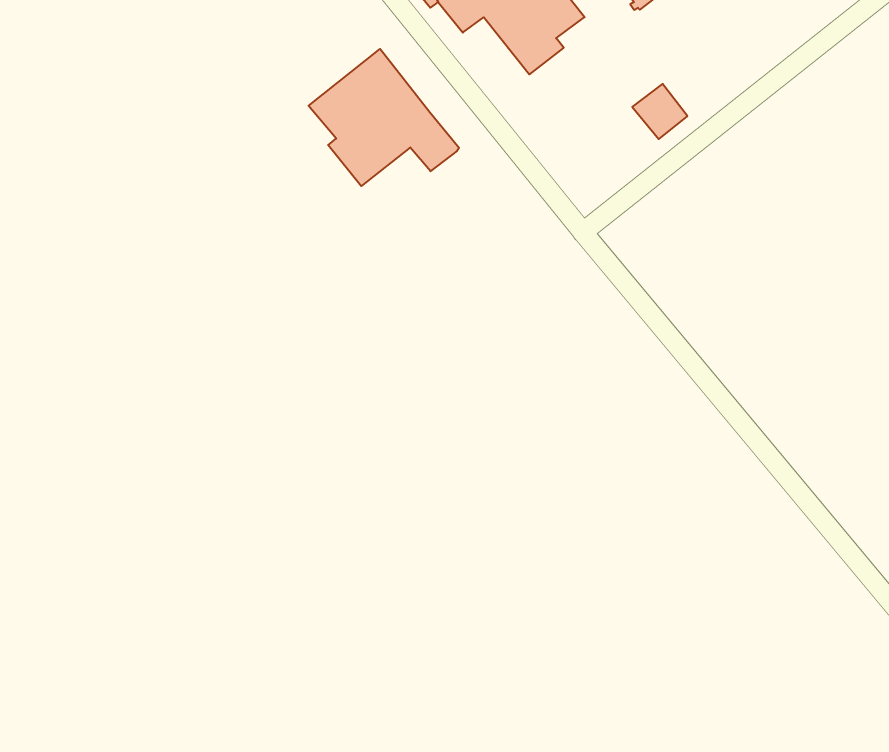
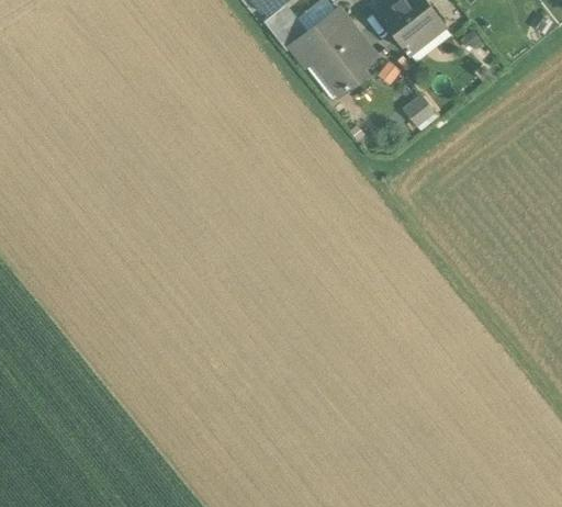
building: [309,49,459,186] -> none

